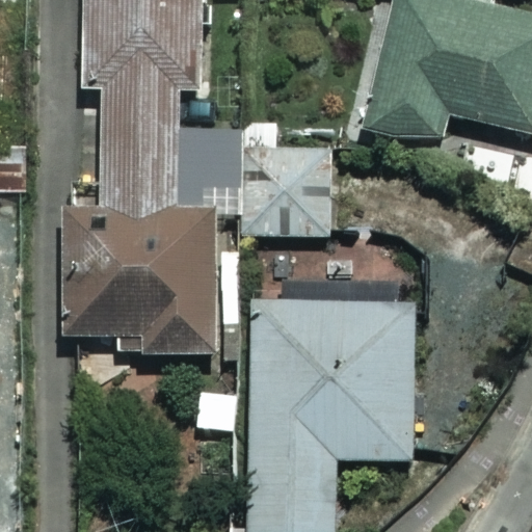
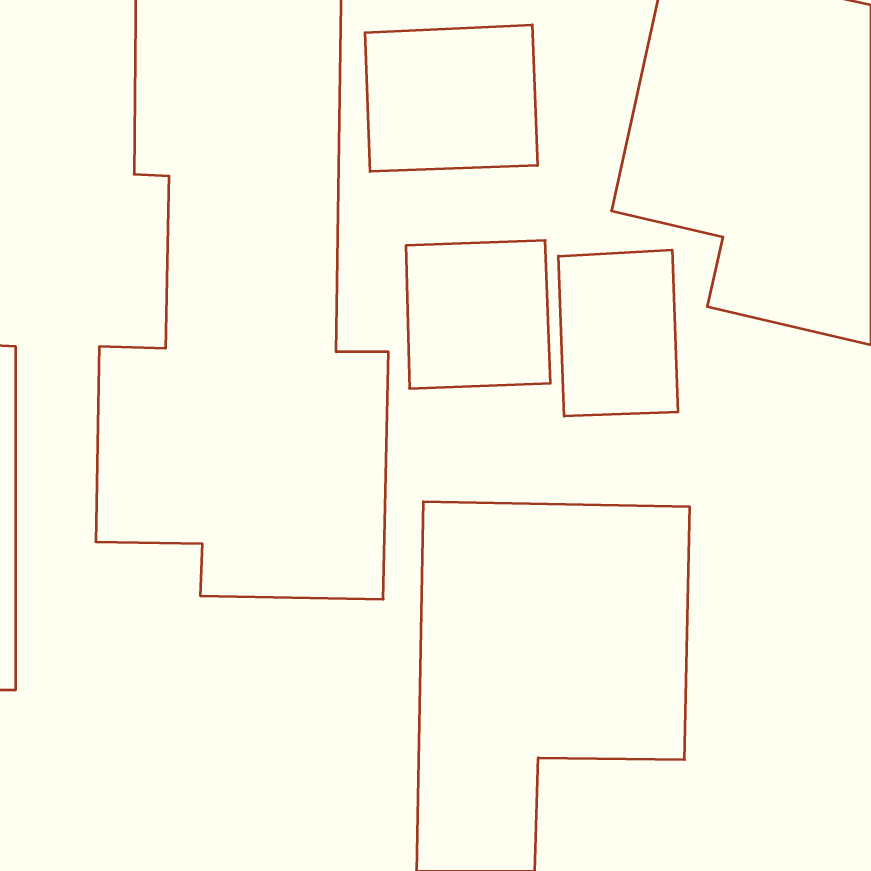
building: none -> [365,25,537,172]
building: none -> [558,250,678,416]

